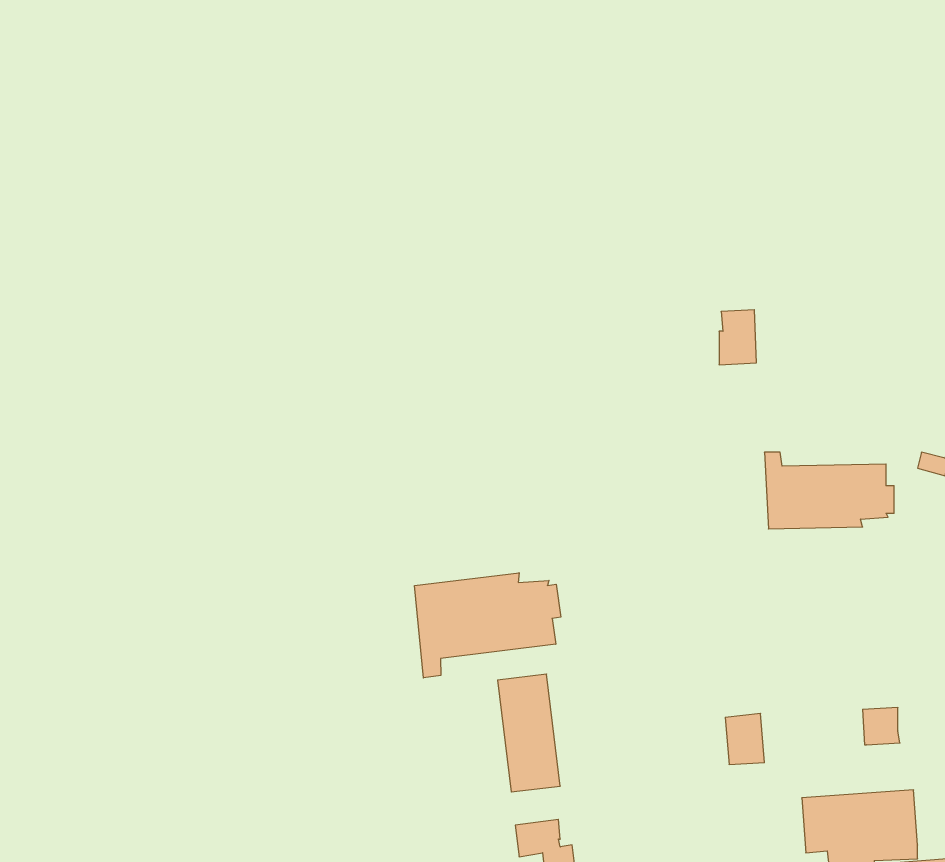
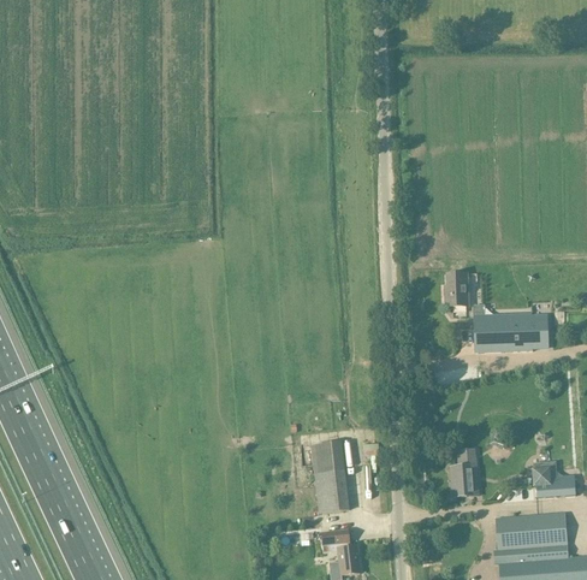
building: [719,310,756,365] -> [446,273,469,307]
building: [415,573,561,678] -> none
building: none -> [536,475,576,498]

